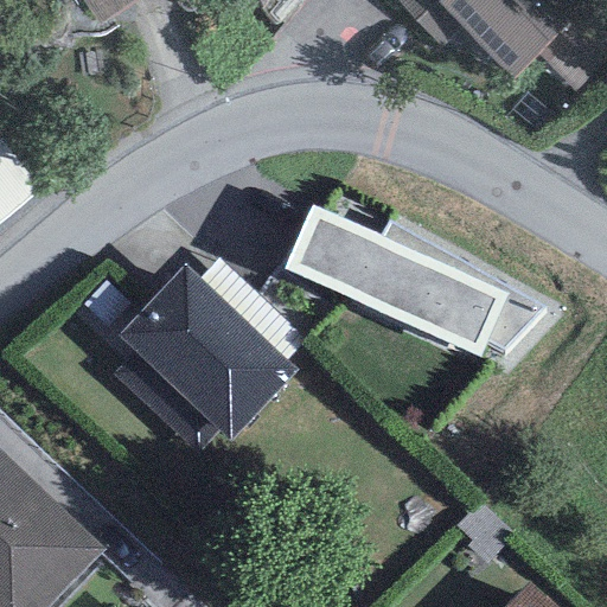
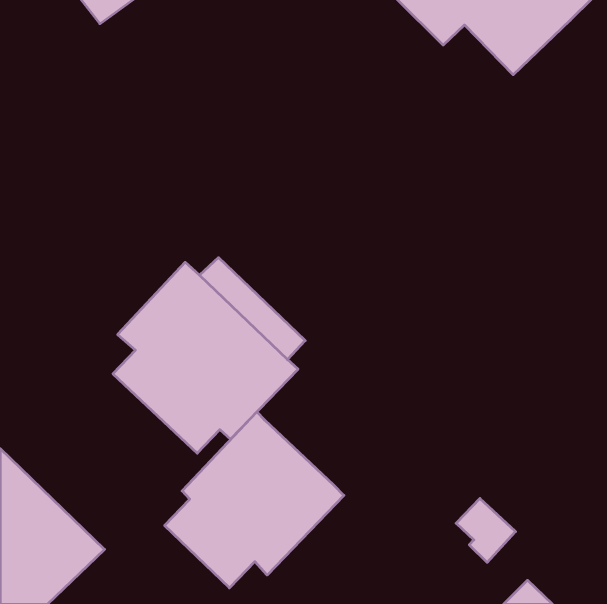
building: [283,204,542,356] -> none
building: none -> [165,412,344,588]

